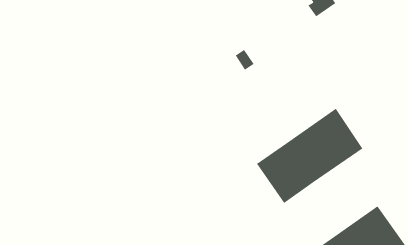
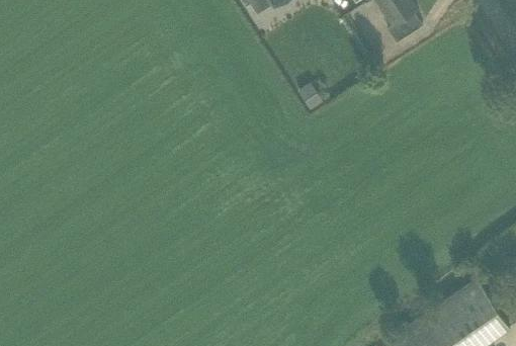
building: [256,108,363,204] -> none

